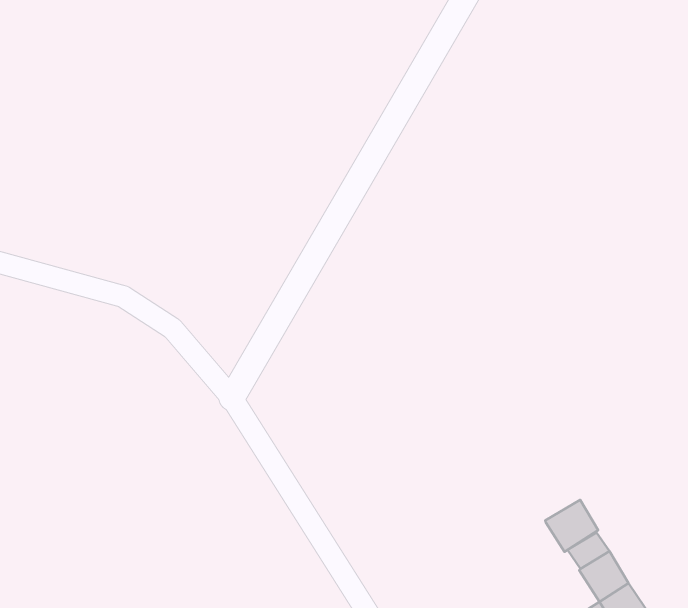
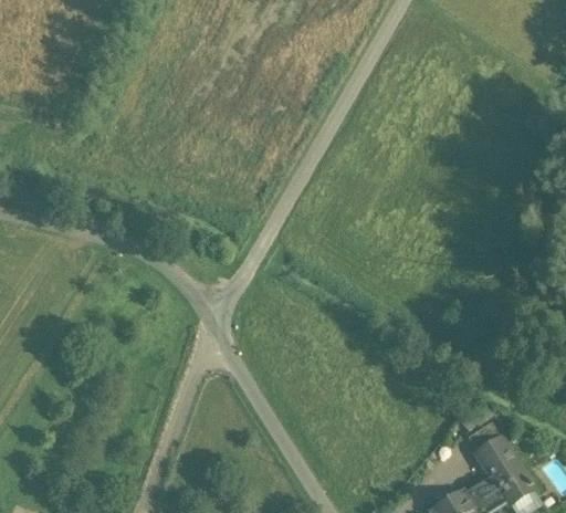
building: [545,500,598,552] -> none

